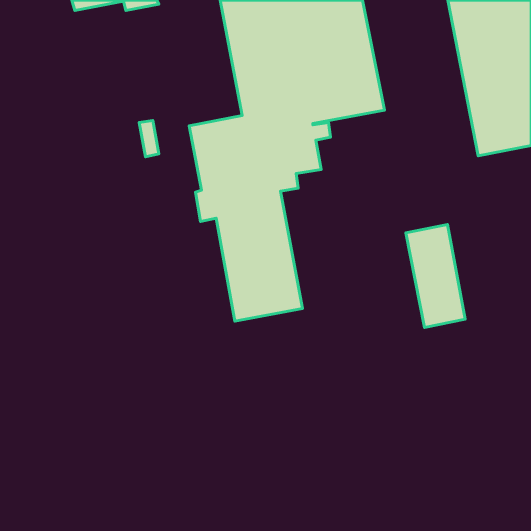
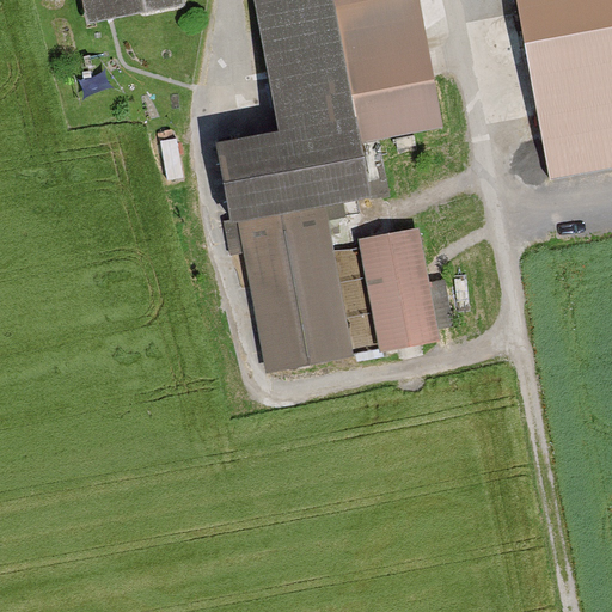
building: [406,225,465,327] -> [365,231,433,349]

